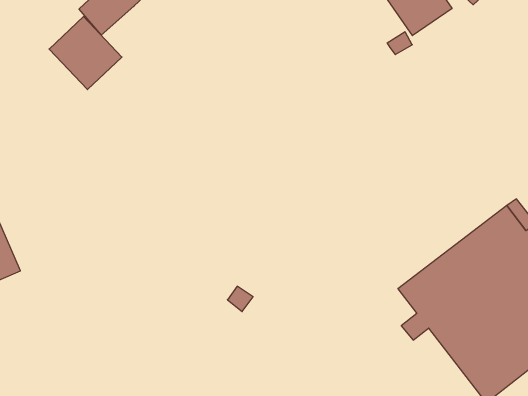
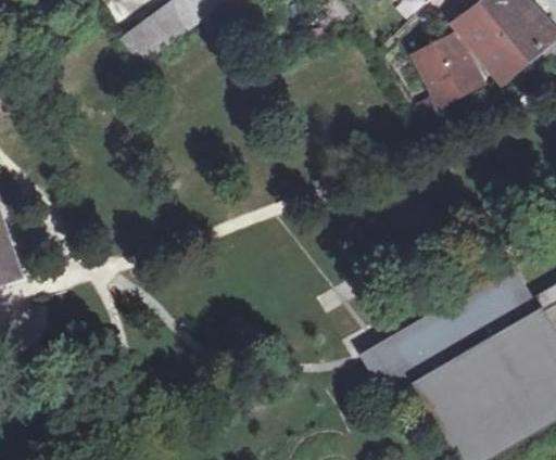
building: [49,16,122,90] -> none
building: none -> [366,341,409,383]

